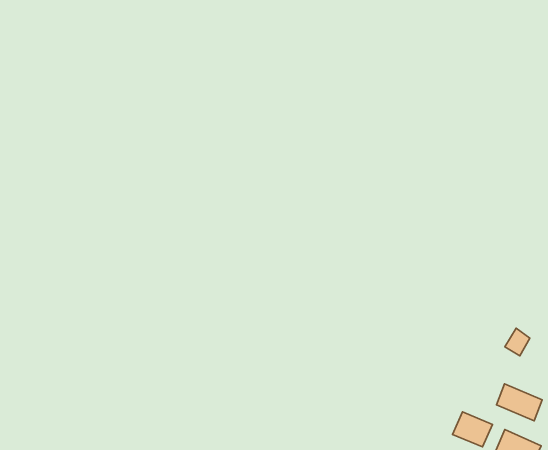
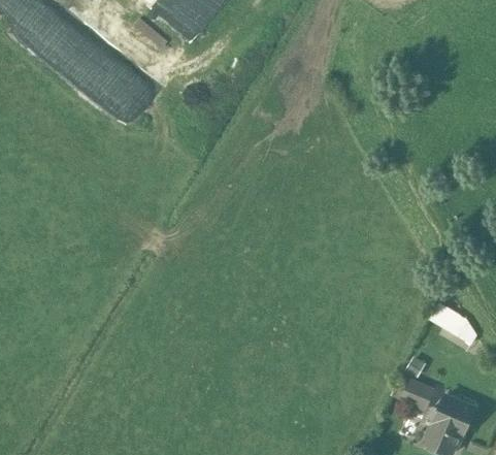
building: [496,384,542,421] -> none

